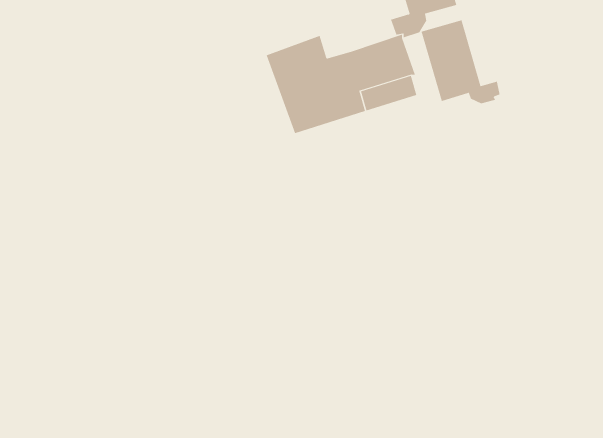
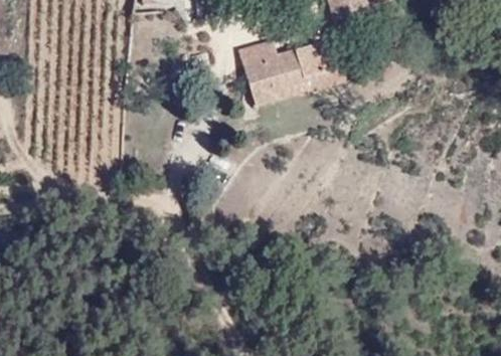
building: [421,20,500,104] -> none

